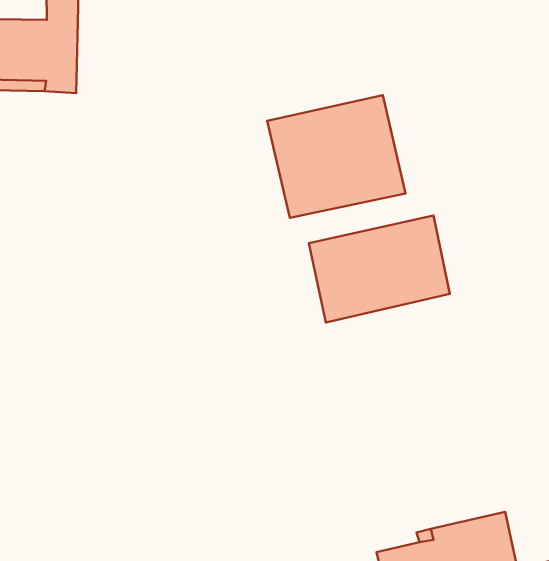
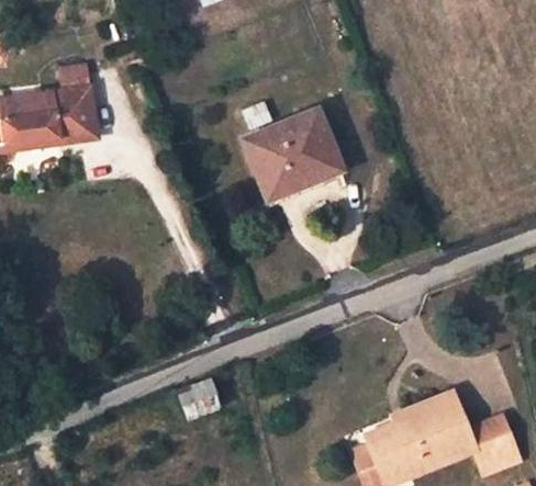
building: [309,216,450,323] -> none
building: none -> [178,380,220,420]

